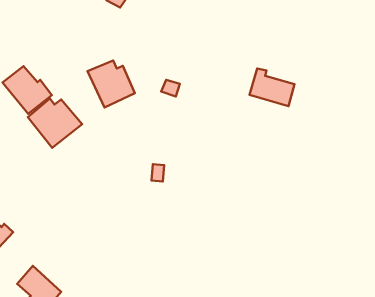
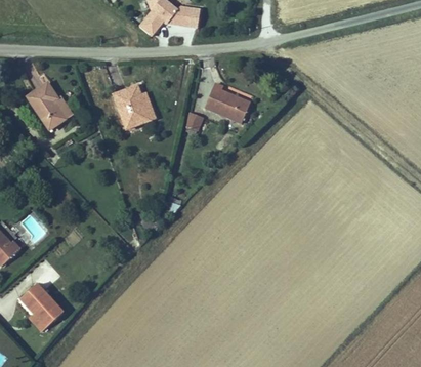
building: [249,68,295,106] -> [204,82,250,123]
building: [28,99,82,148] -> none

